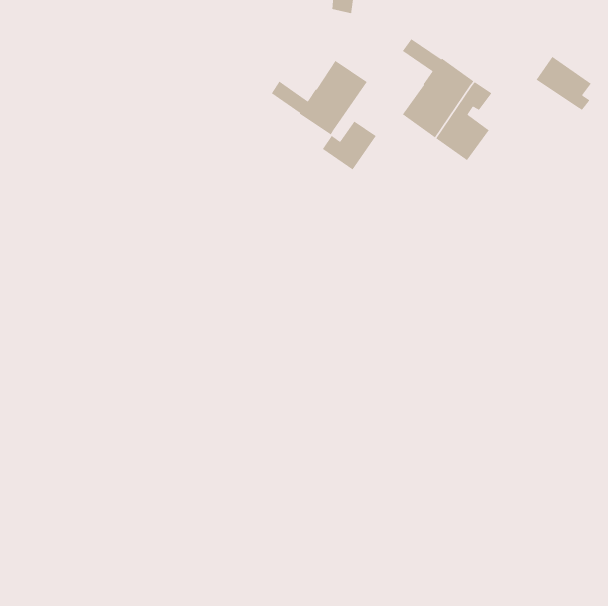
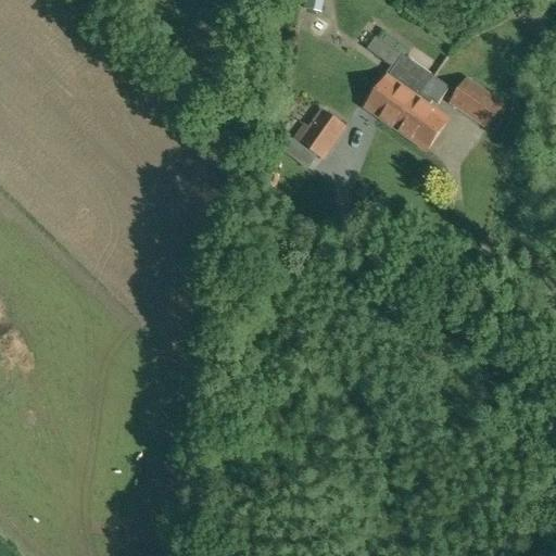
building: [536,56,592,111] -> [451,78,502,128]
building: [271,60,368,135] -> none

